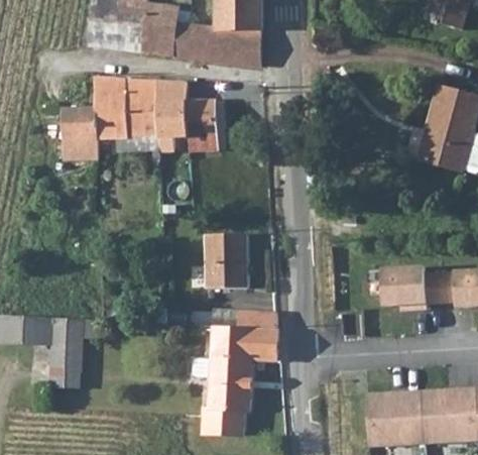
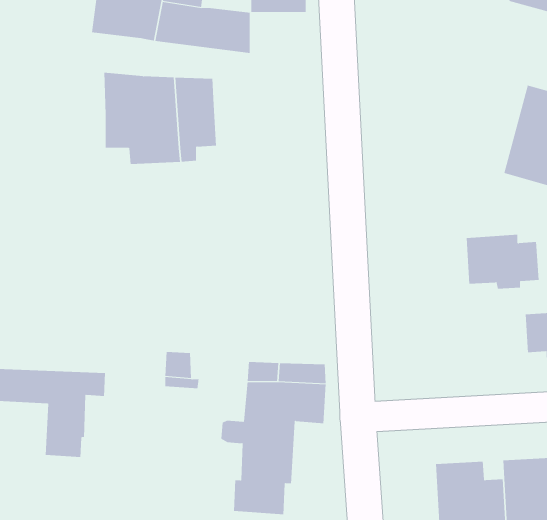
building: [215,28,260,66] -> none
building: [186,102,215,150] -> none
building: [63,108,98,160] -> none
building: [206,234,246,289] -> none
building: [379,266,439,311] -> [466,234,539,289]

